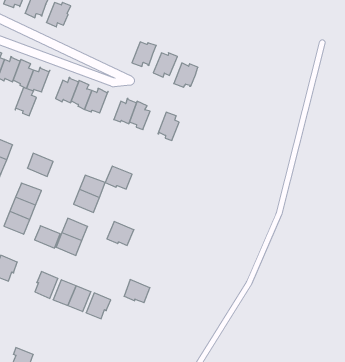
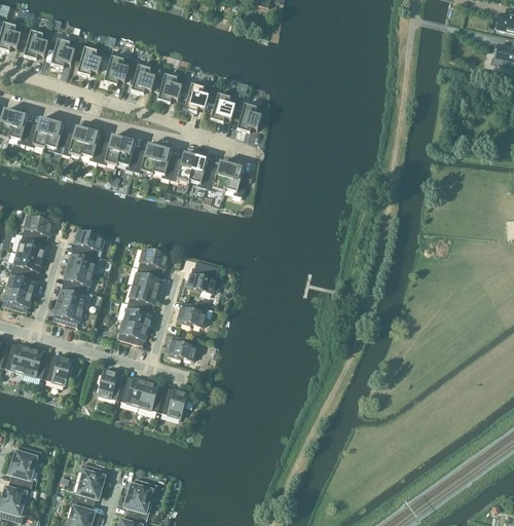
building: none -> [104,54,131,84]
building: none -> [131,64,157,93]
building: none -> [157,73,184,103]
building: [15,87,36,116] -> [80,128,104,161]
building: none -> [152,146,176,179]
building: none -> [206,161,231,190]
building: [105,166,132,189] -> [186,267,217,293]
building: none -> [68,248,98,272]
building: [35,226,60,248] -> [127,285,157,309]
building: [124,280,150,303] -> [168,334,197,360]

